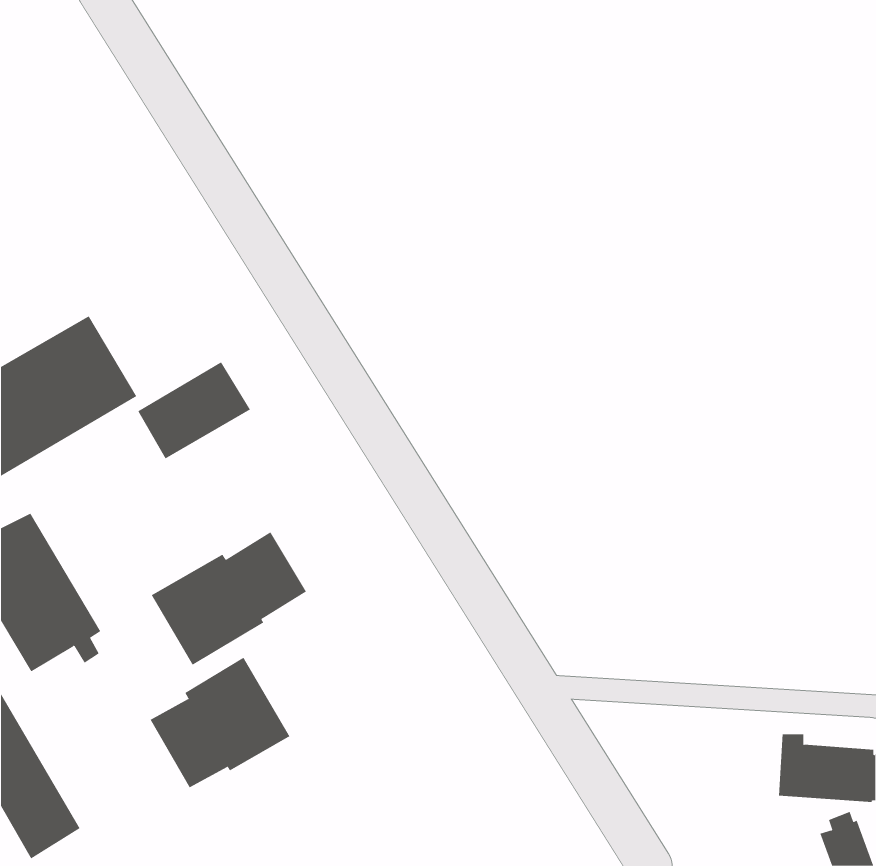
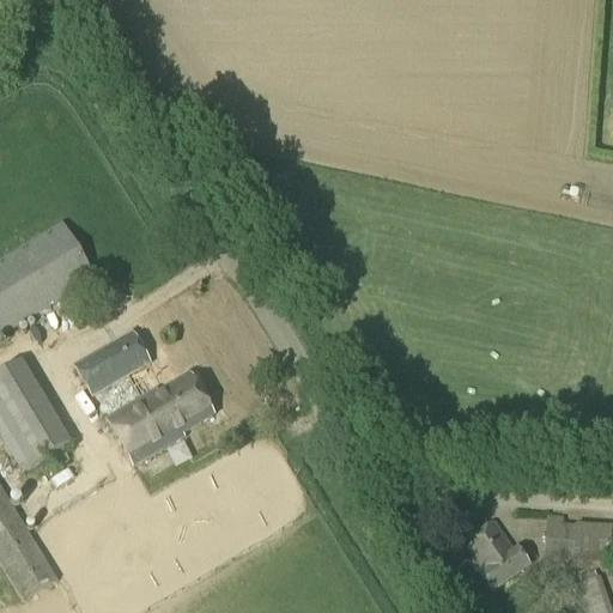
building: [138,361,251,459] -> [72,327,151,395]
building: [150,657,290,788] -> none
building: none -> [444,518,529,589]

